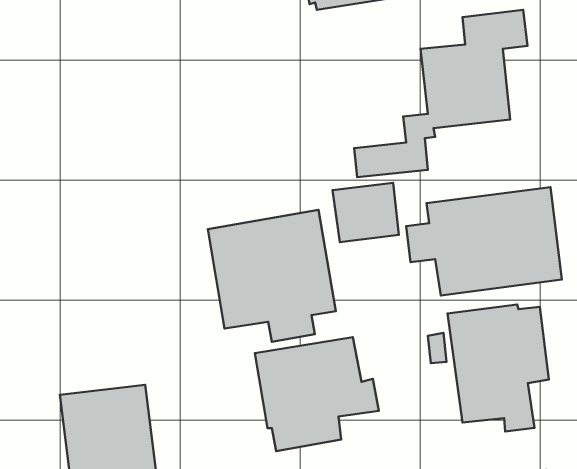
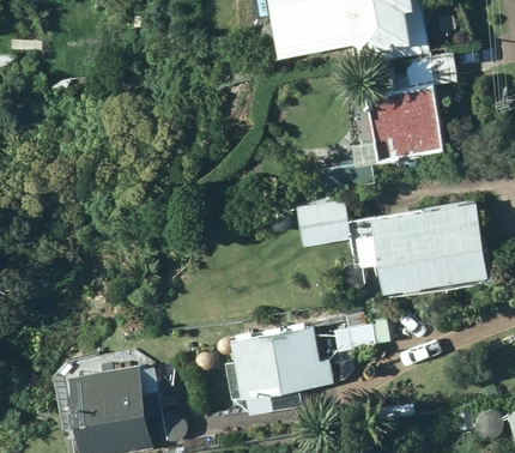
building: [208,210,336,342] -> none
building: [447,305,549,431] -> none

